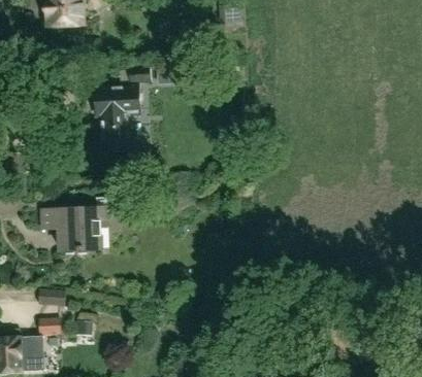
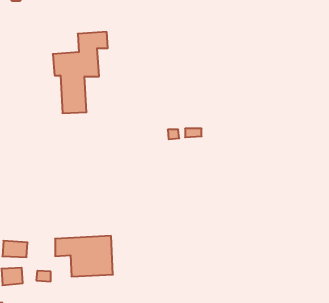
building: [40,207,102,250] -> [55,236,113,276]

